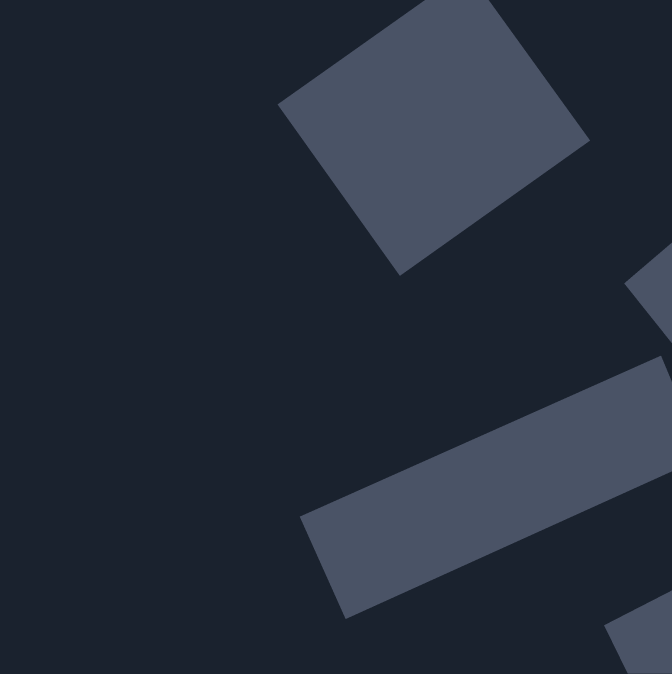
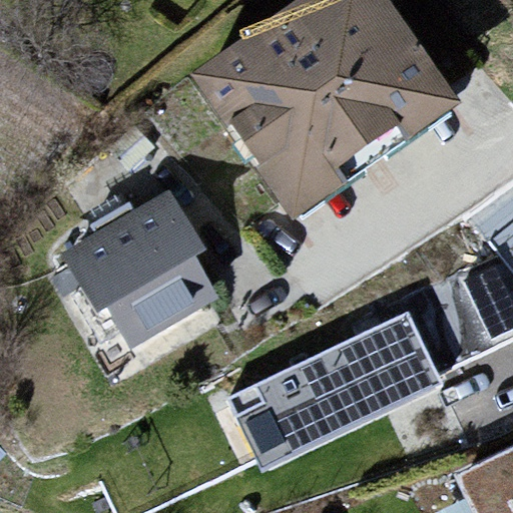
building: none -> [83,210,202,340]

